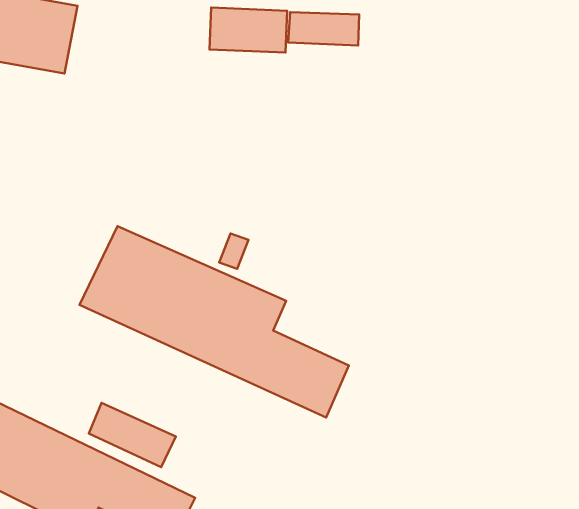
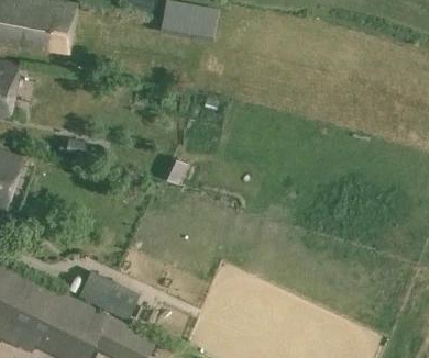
building: [288,12,359,45] -> none
building: [80,226,349,417] -> none

